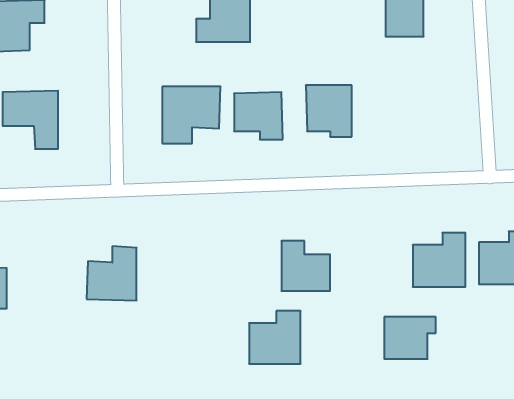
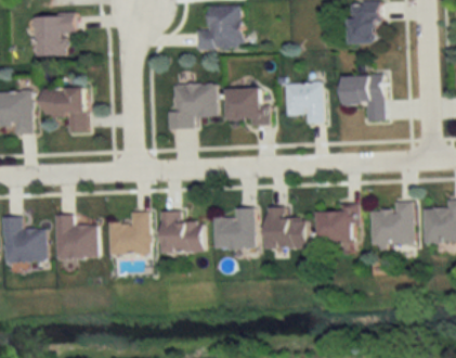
building: none -> [340,75,383,120]
building: none -> [159,212,201,253]
building: none -> [54,216,95,259]
building: [249,311,301,364] -> [212,208,253,251]
building: [384,317,436,359] -> [316,208,357,242]

